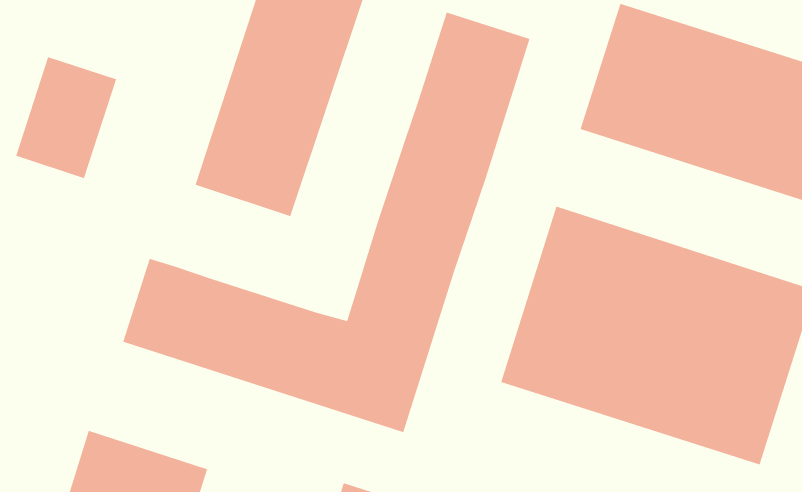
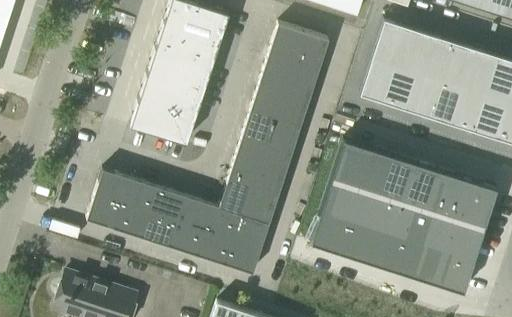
building: [15,56,117,179] -> none

